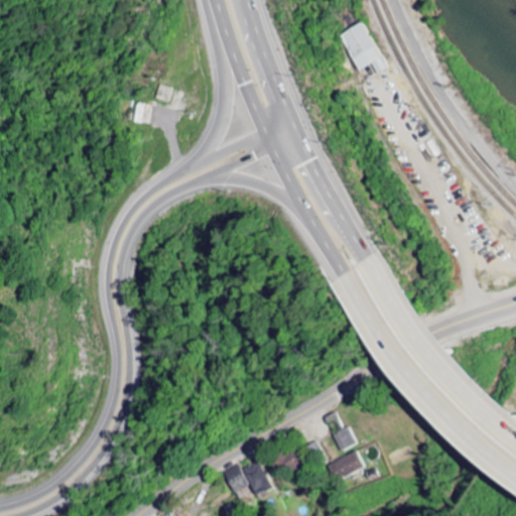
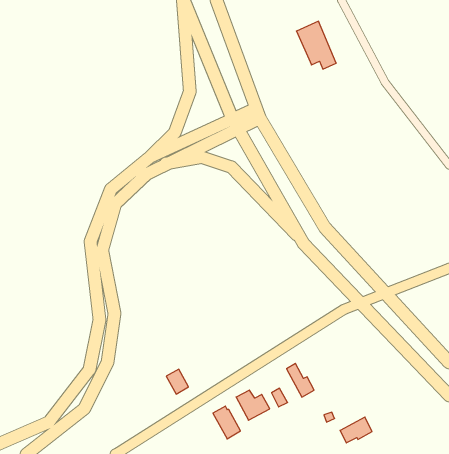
building: [330,450,366,480] -> [340,417,372,443]
building: [223,464,248,492] -> [166,369,188,394]

